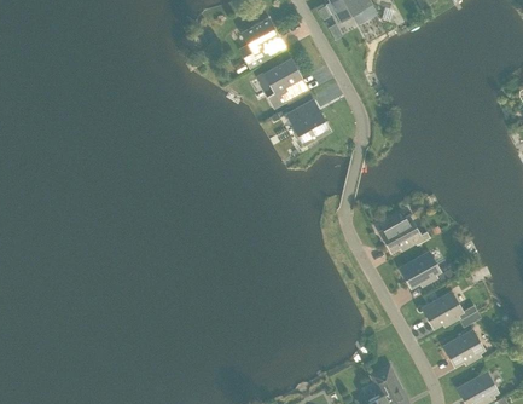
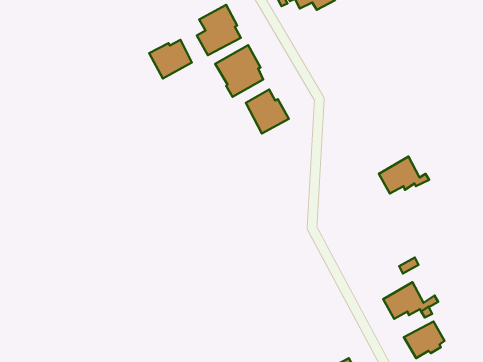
building: none -> [149,40,192,79]
building: [379,214,429,250] -> [379,157,429,193]
building: [399,250,438,287] -> none

